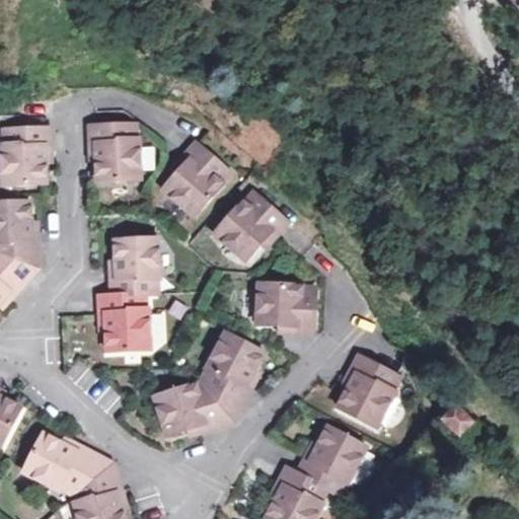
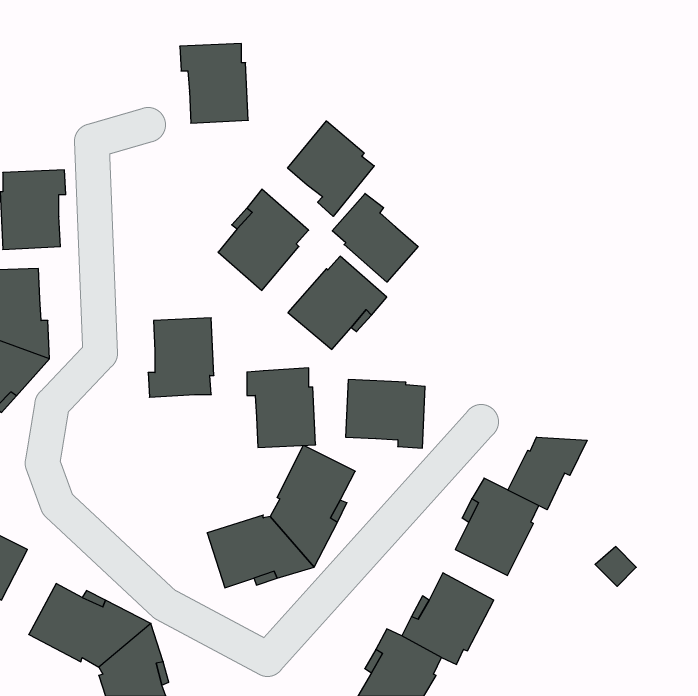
building: none -> [288,121,374,216]
building: [88,122,139,180] -> [180,44,248,123]
building: none -> [332,193,418,282]
building: [98,292,149,351] -> [247,368,316,447]
building: none -> [508,437,587,510]

